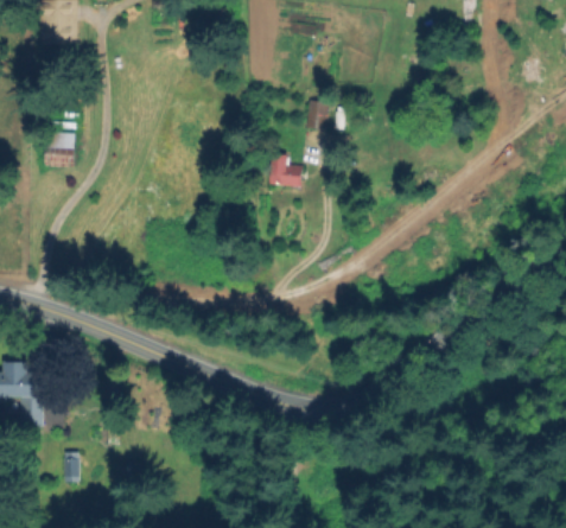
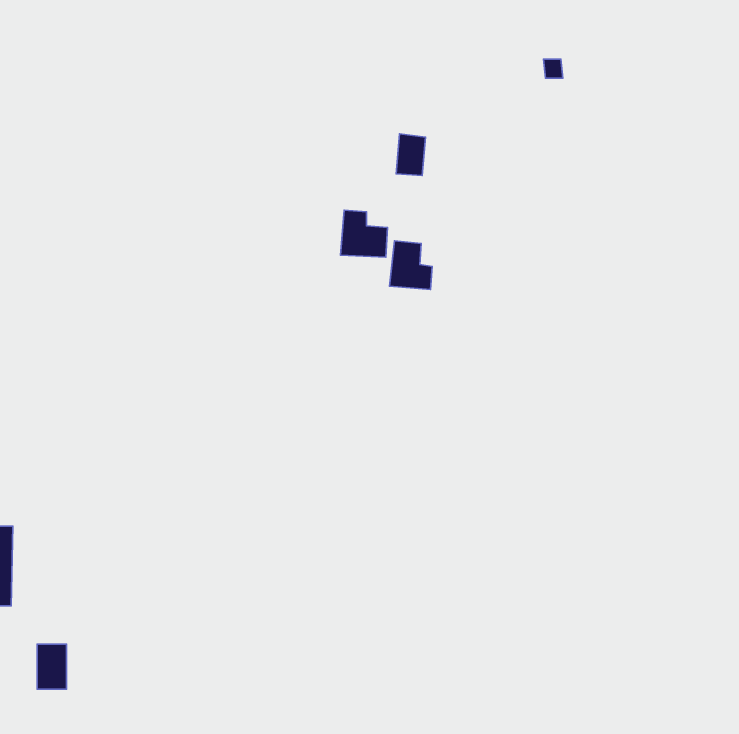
building: [45,138,74,165] -> none
building: none -> [389,241,432,289]

